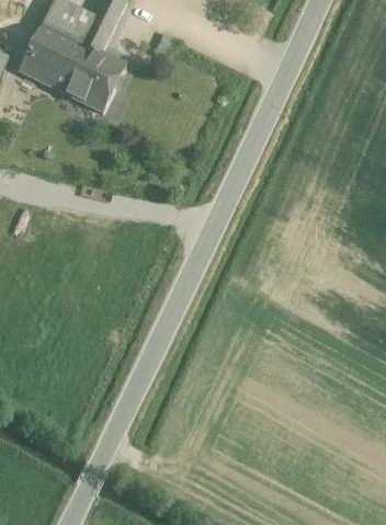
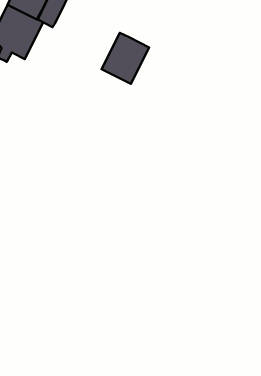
building: [63,45,123,110] -> [102,33,149,84]

